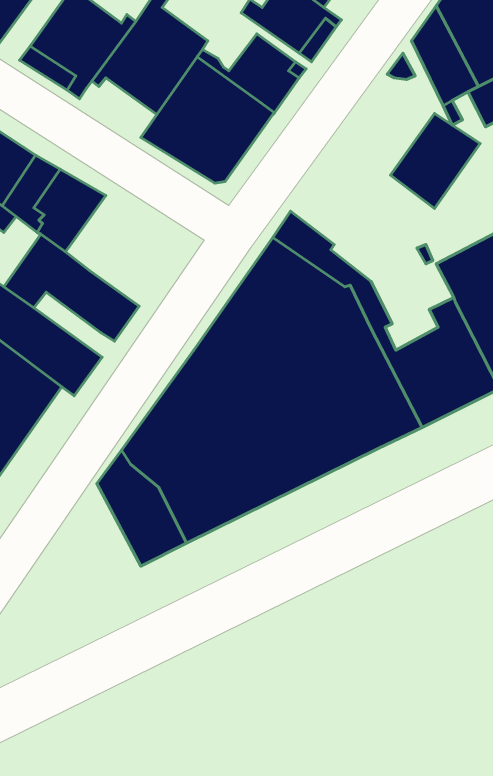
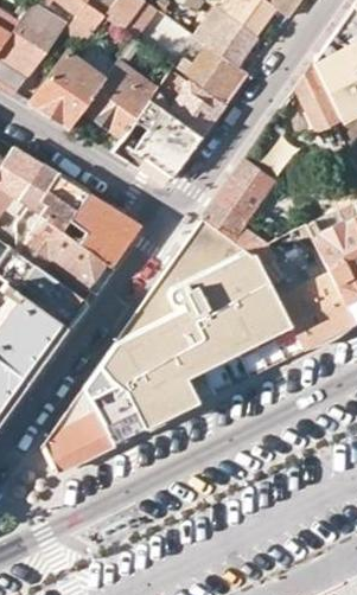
building: [390,114,480,208] -> [215,161,275,225]
building: none -> [70,192,139,267]
building: none -> [45,386,114,469]

